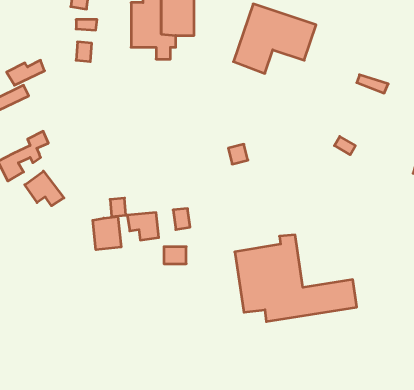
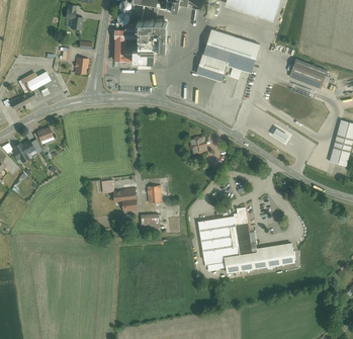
building: none -> [289,58,328,88]
building: [25,171,64,206] -> none
building: [93,217,121,250] -> none

